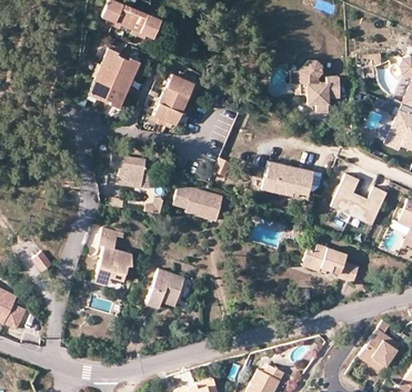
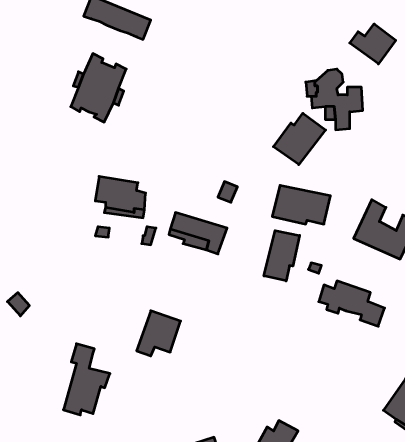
building: none -> [350,24,396,64]
building: [154,76,193,124] -> none
building: none -> [273,113,326,165]
building: none -> [264,231,300,281]
building: [93,229,133,290] -> [63,344,110,415]

